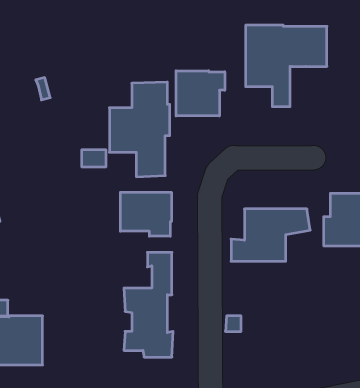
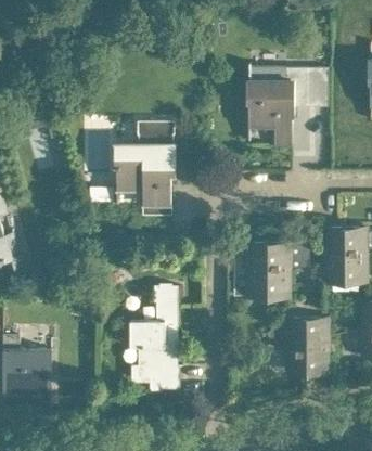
building: [176,71,225,116] -> none
building: [120,192,171,236] -> none
building: none -> [287,321,328,372]

